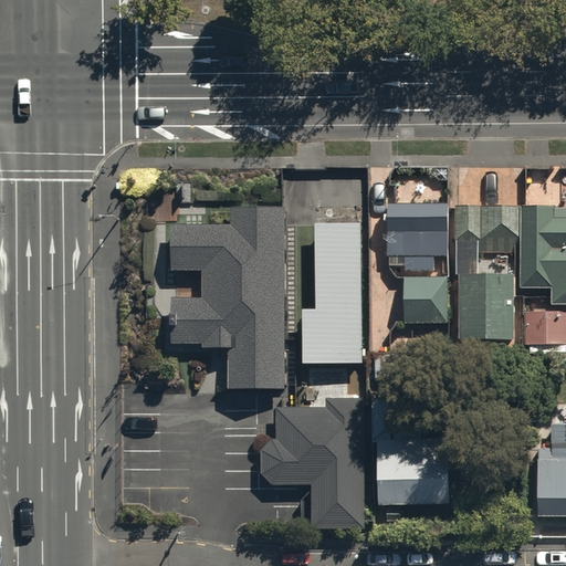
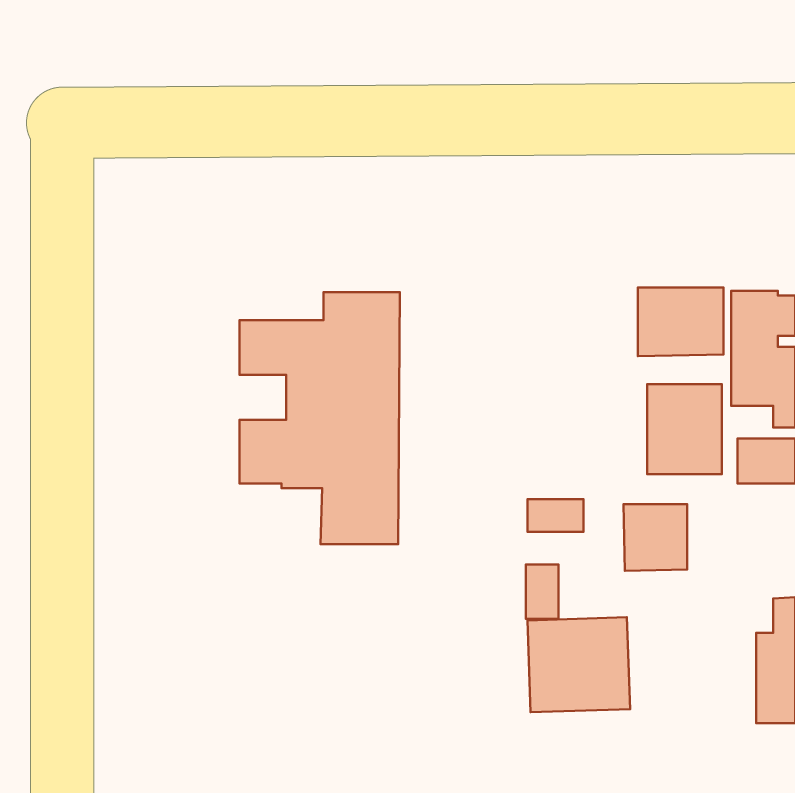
building: [388,202,448,270] -> none
building: [301,223,360,364] -> none
building: [402,277,448,325] -> [623,504,687,571]
building: [261,398,363,528] -> none

